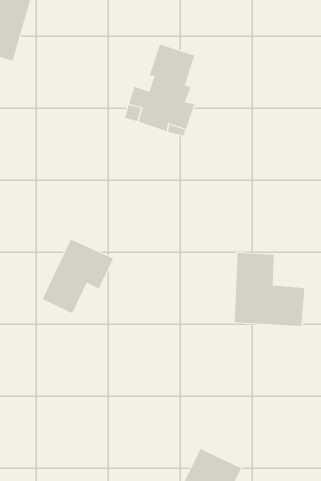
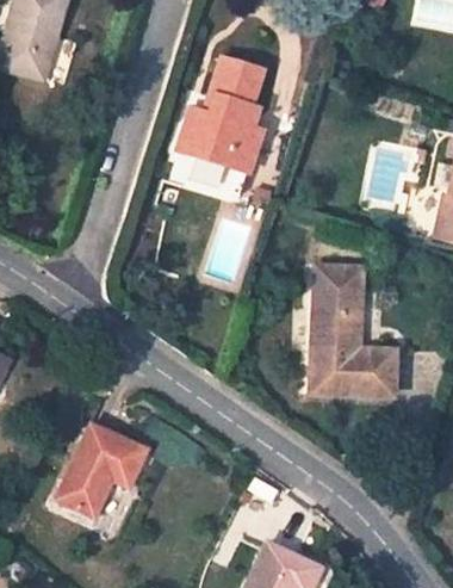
building: none -> [312,266,361,310]
building: [42,239,114,314] -> [60,425,147,515]

